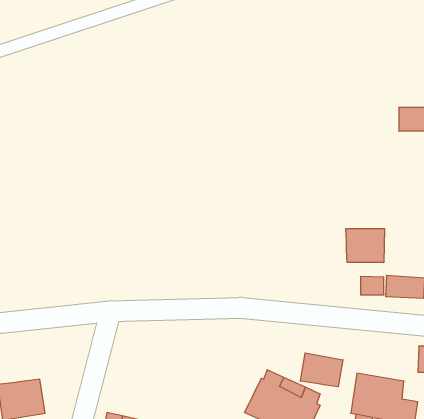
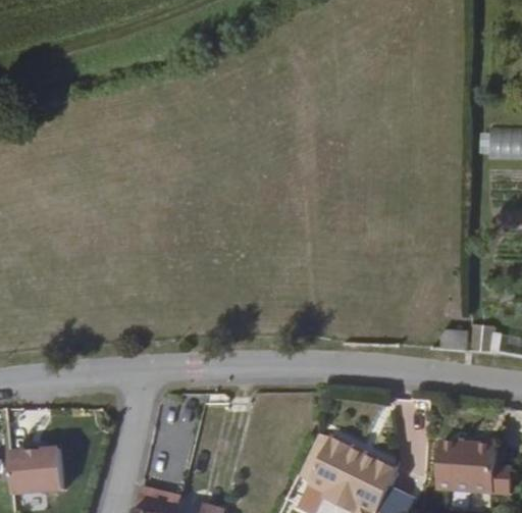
building: [346,229,384,263] -> none
building: [300,353,343,387] -> none

